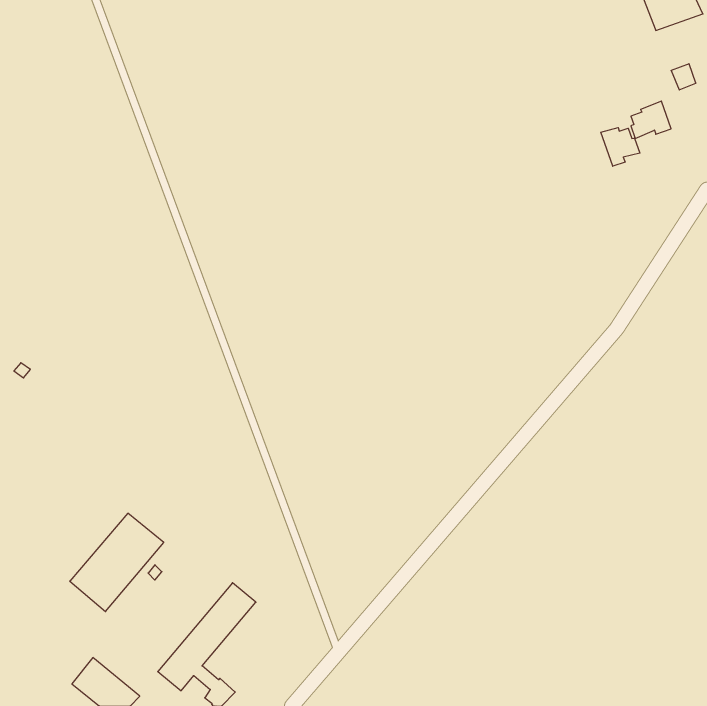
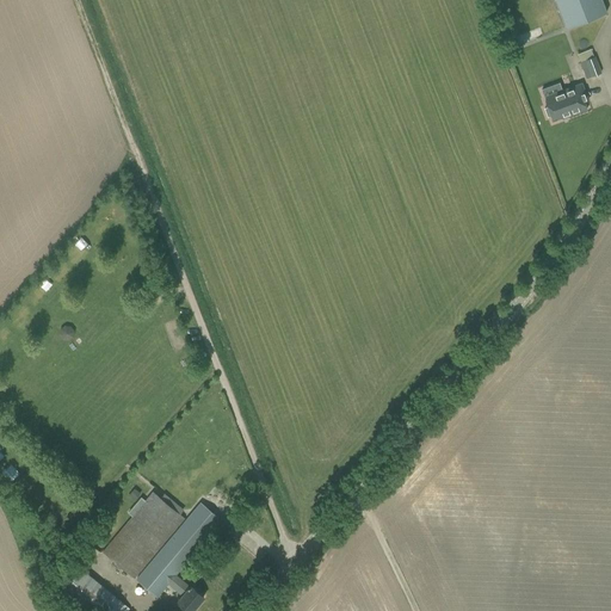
building: [601,128,640,166] -> none
building: [70,513,164,612] -> [103,492,184,576]

